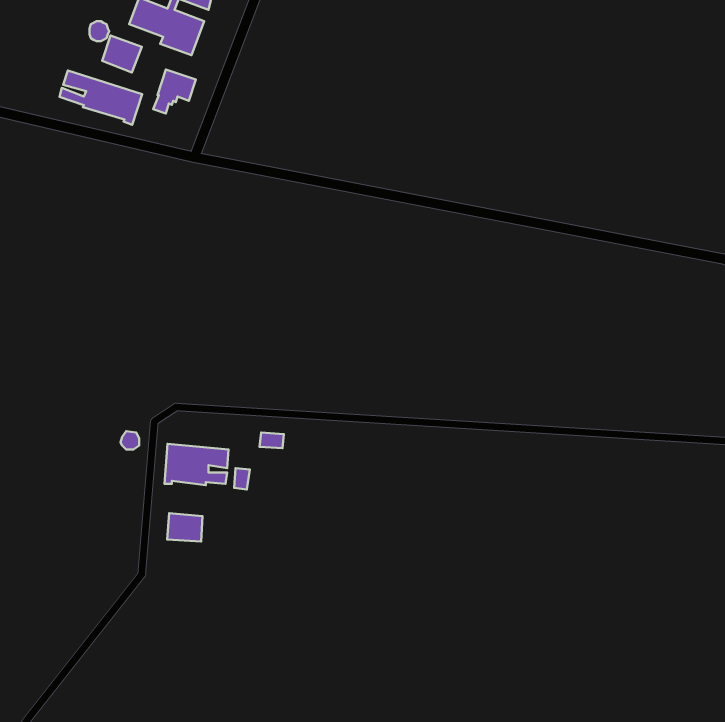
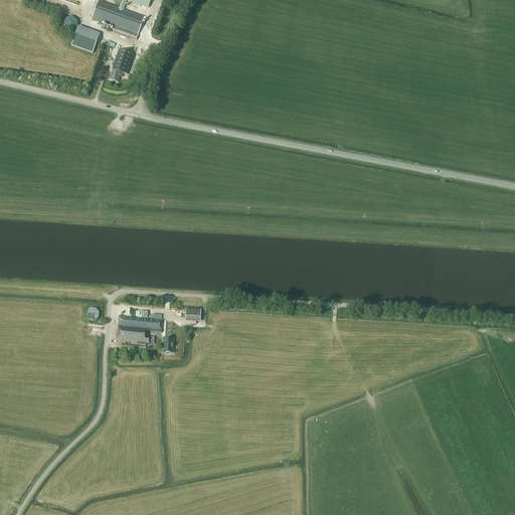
building: [60,71,142,125] -> none
building: [167,513,203,541] -> none

